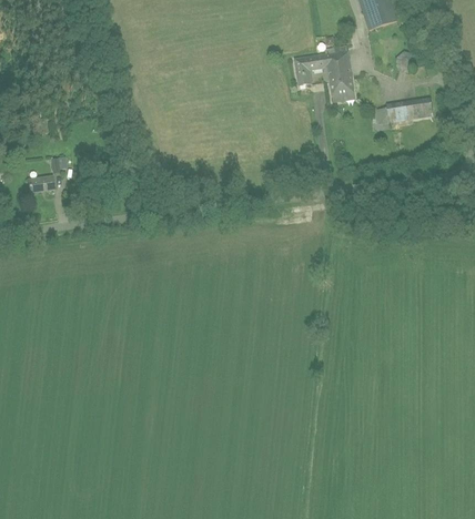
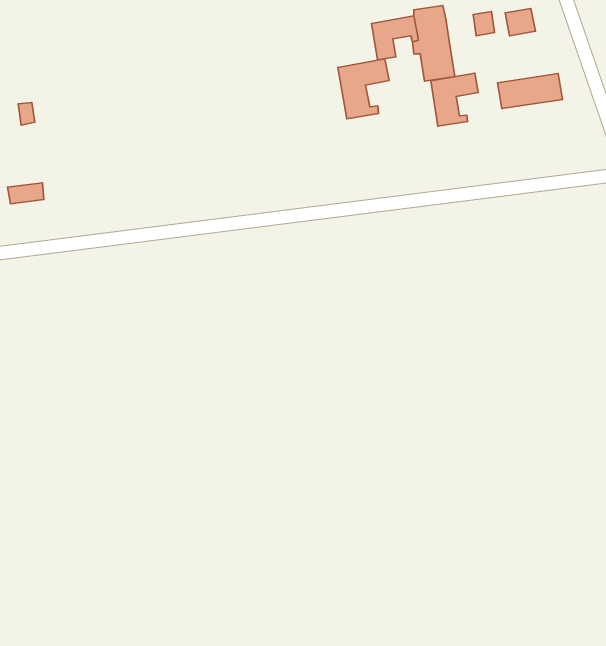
building: none -> [338,59,389,119]
building: none -> [431,73,478,126]

